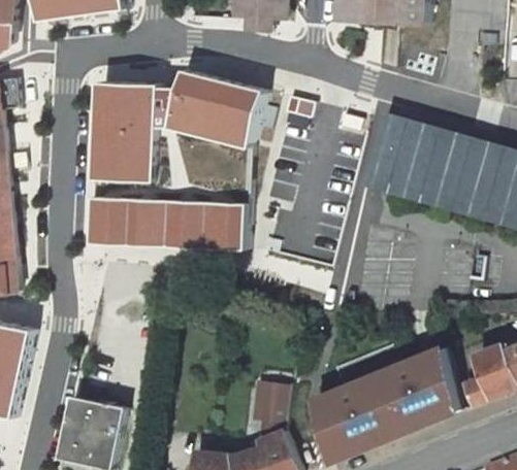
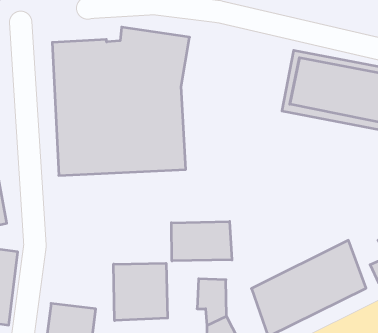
building: none -> [171,221,232,261]
building: none -> [114,263,168,321]

